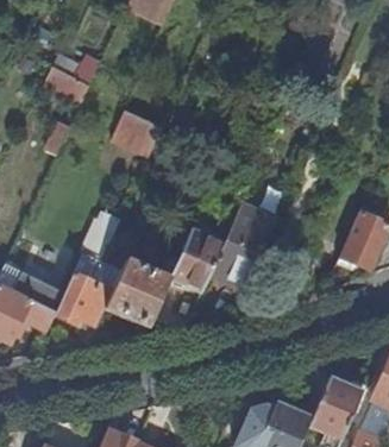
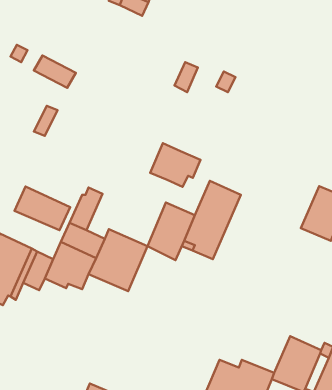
building: [112,109,162,155] -> none
building: none -> [150,143,201,187]
building: none -> [15,186,70,230]

